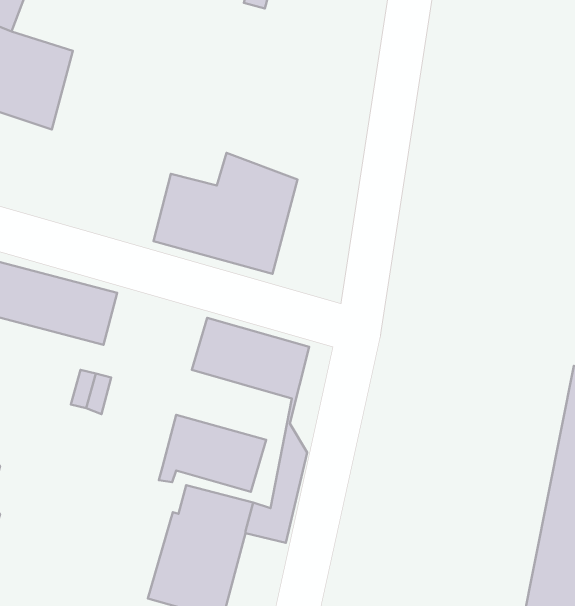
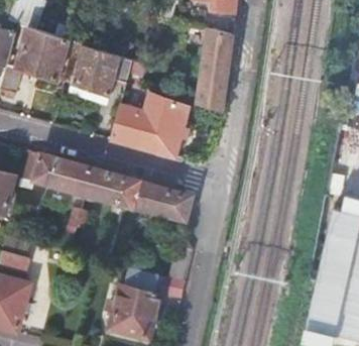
building: none -> [198,28,233,111]
building: none -> [65,41,132,95]
building: [159,415,266,492] -> [84,166,140,207]

